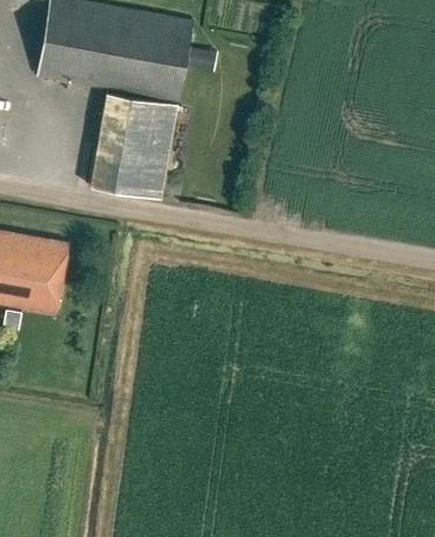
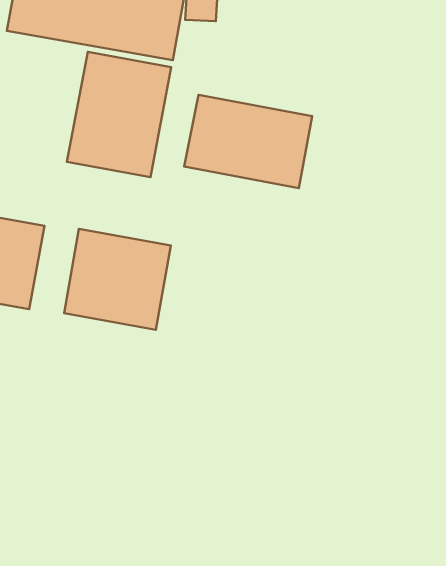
building: none -> [184,95,312,188]
building: none -> [64,229,171,330]

